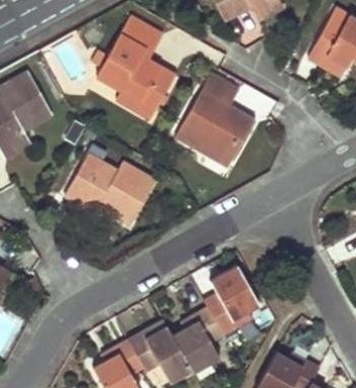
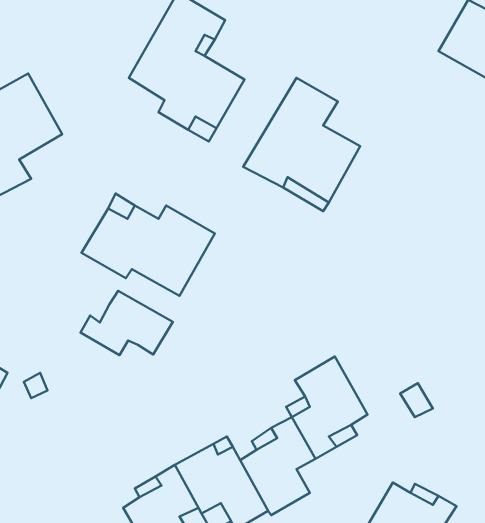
building: none -> [80,291,173,355]

